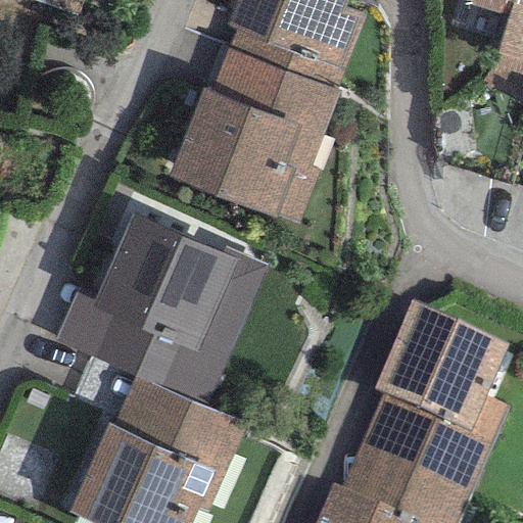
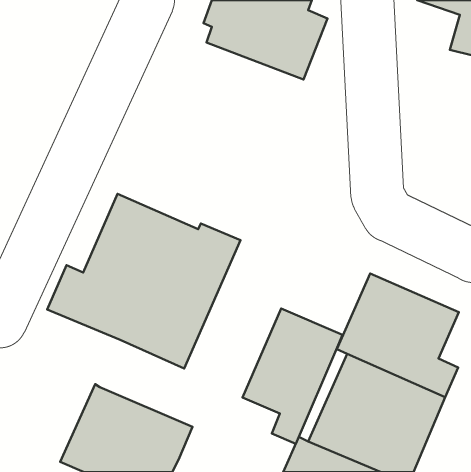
building: [168,47,341,227] -> none
building: none -> [243,308,343,444]
building: [112,376,245,512] -> none

